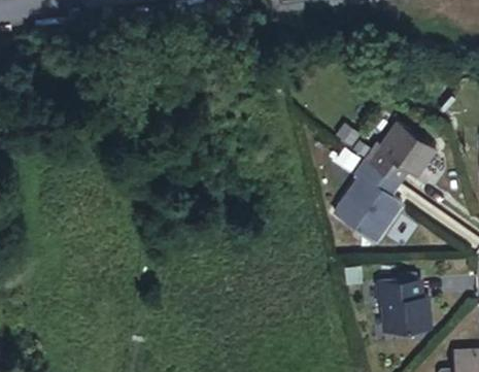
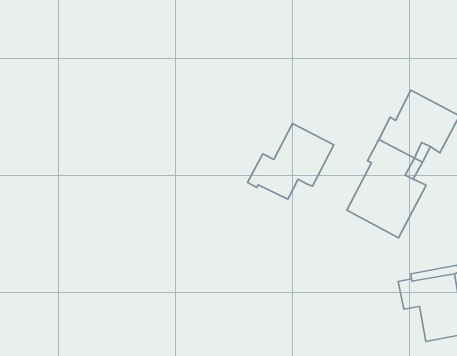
building: none -> [248,123,334,199]

